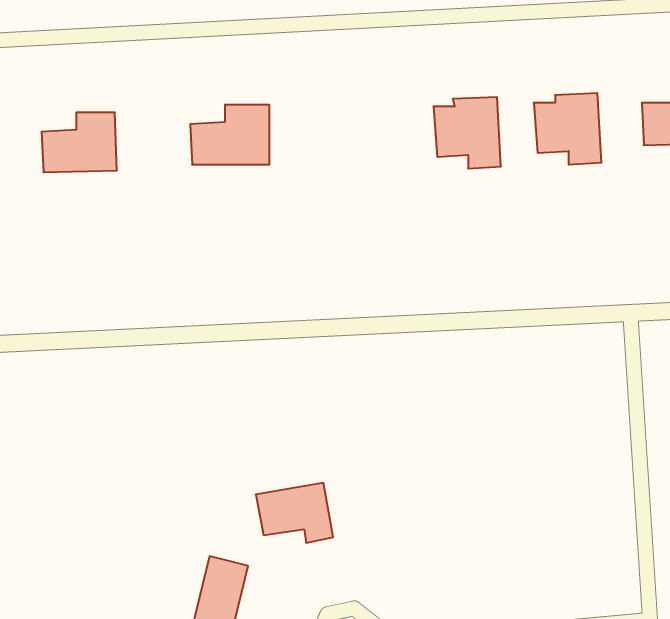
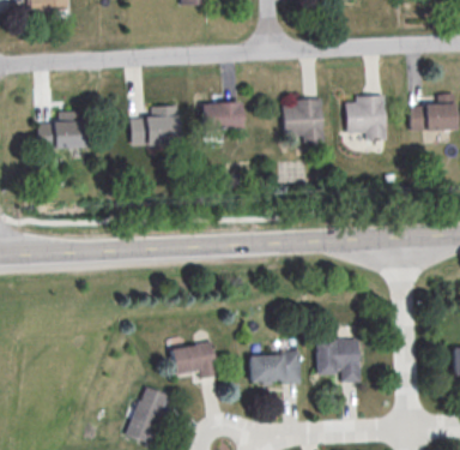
building: none -> [200,101,242,131]
building: none -> [316,337,361,382]
building: none -> [249,352,301,383]

